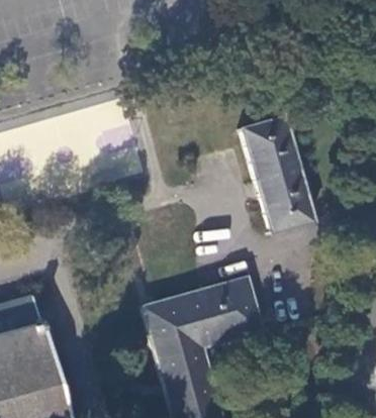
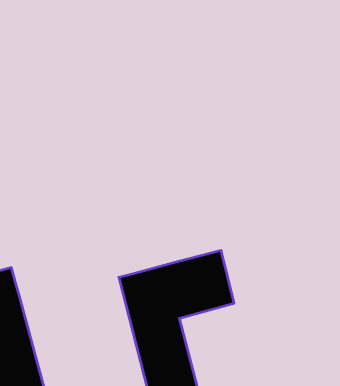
building: [241,113,313,231] -> none

